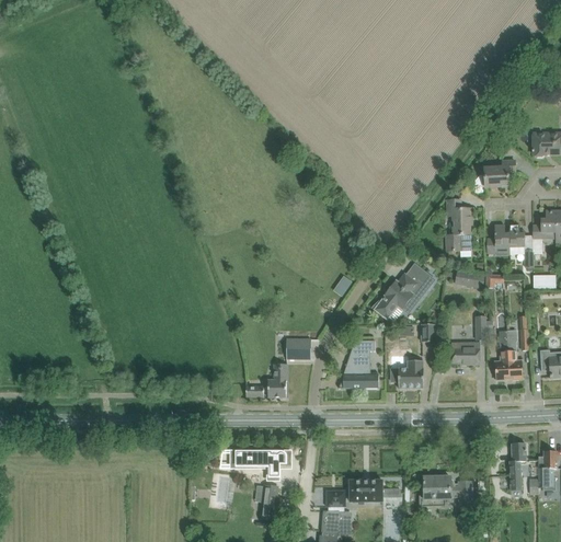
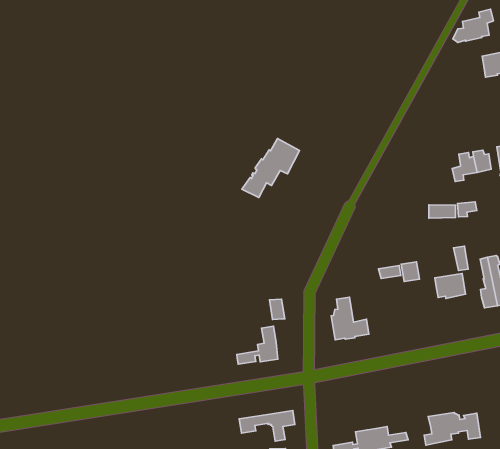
building: [473,160,516,187] -> [453,9,494,42]
building: [445,199,473,252] -> none
building: [373,264,435,319] -> [242,139,300,198]
building: [391,360,424,388] -> none

